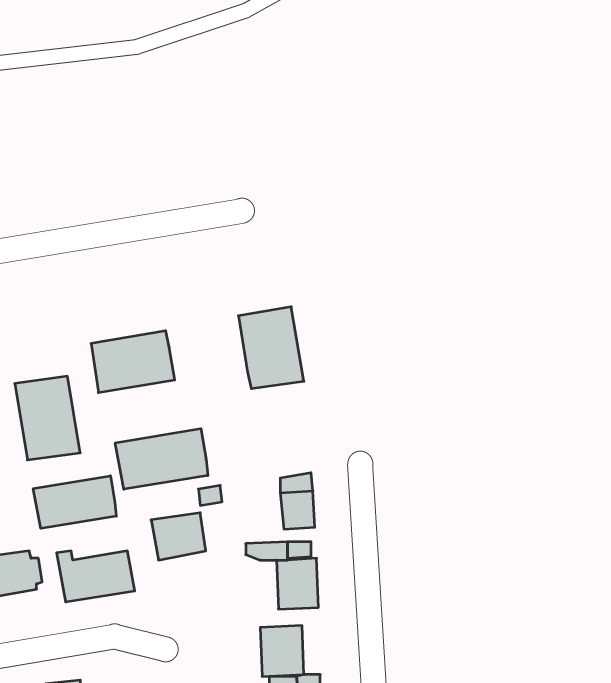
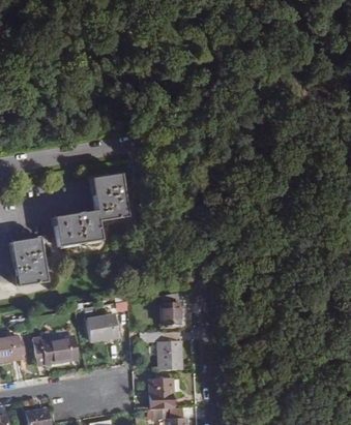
building: [238,307,304,389] -> [90,174,127,220]
building: [115,429,208,489] -> none
building: [33,476,116,528] -> none

